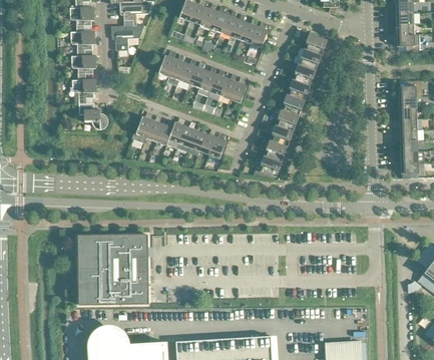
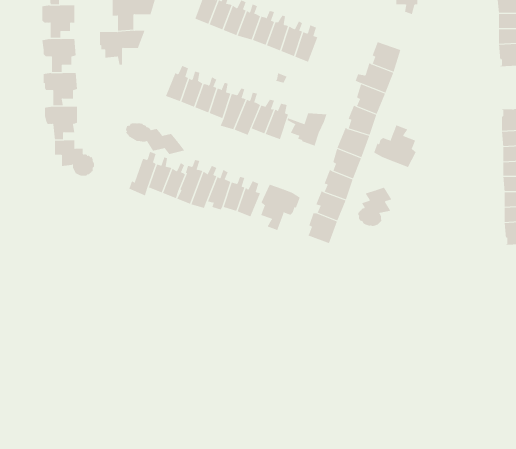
building: none -> [287,112,327,146]
building: none -> [125,123,185,155]
building: none -> [373,125,416,168]
building: none -> [261,184,300,231]
building: none -> [358,187,392,227]
building: [78,233,148,304] -> none

